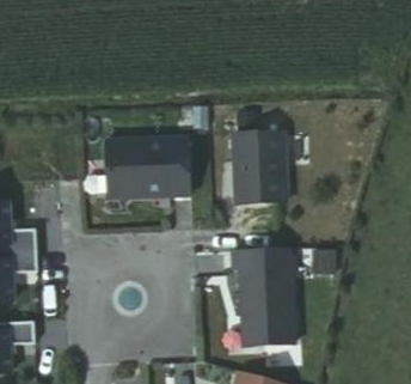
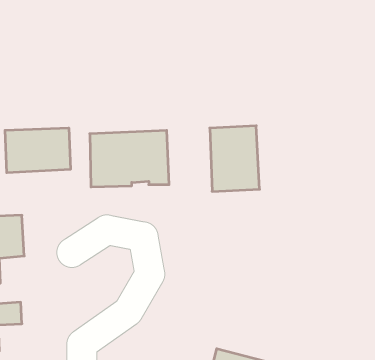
building: none -> [5,128,70,173]
building: [232,246,293,345] -> none

